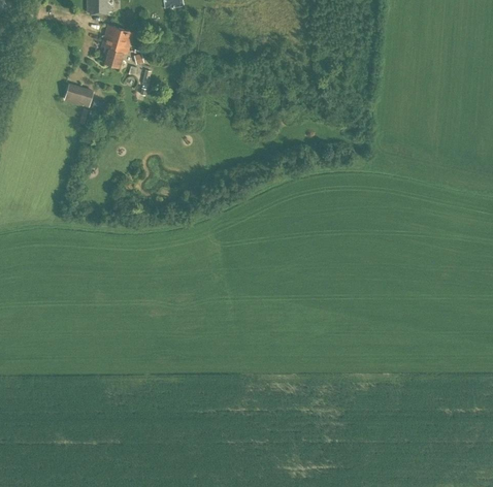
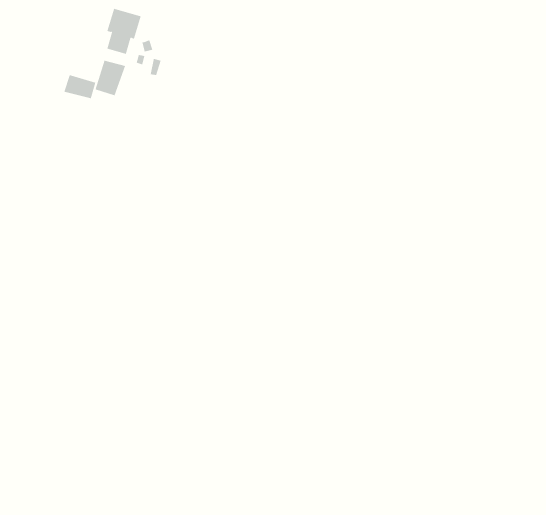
building: none -> [95,60,126,96]

